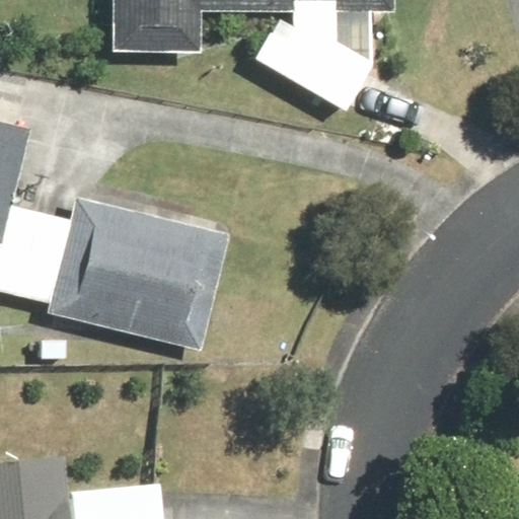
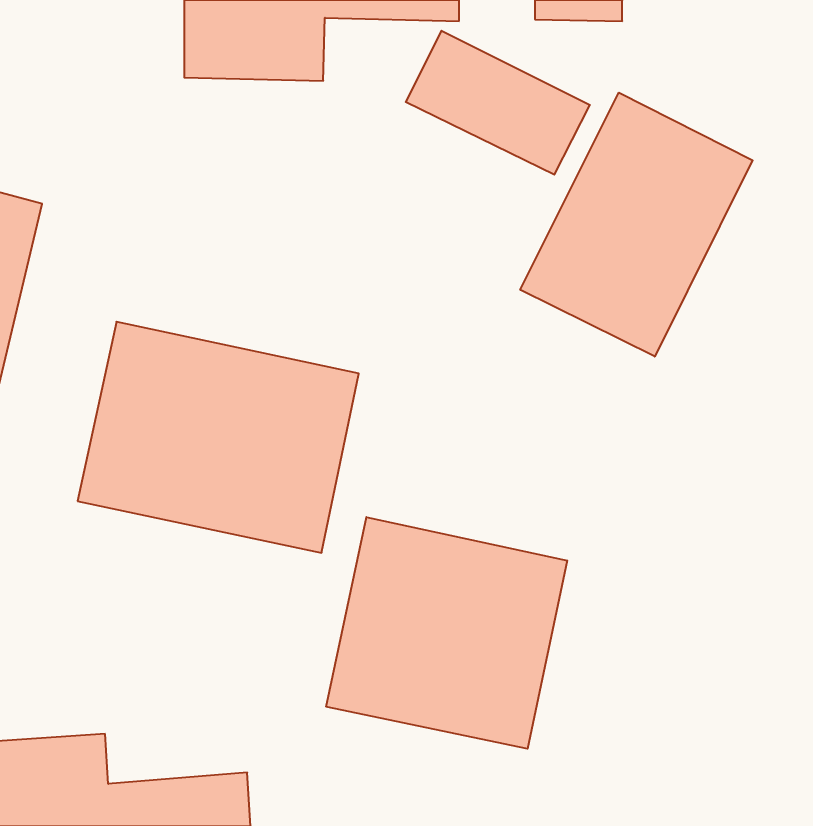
building: none -> [520,93,753,357]
building: none -> [326,517,567,749]

